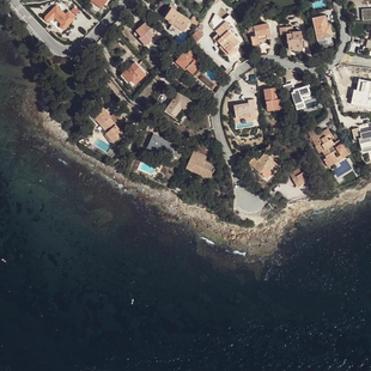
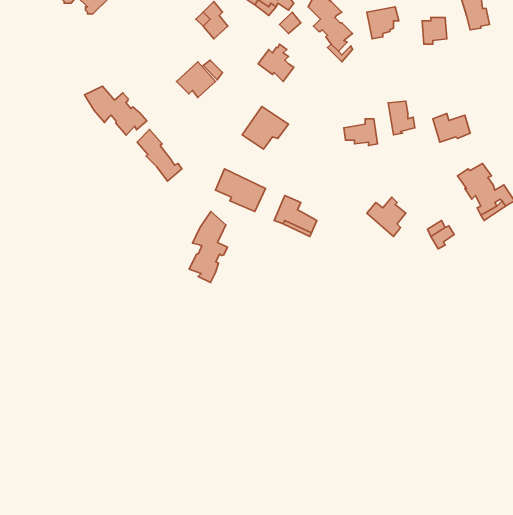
building: none -> [84,86,147,135]
building: none -> [189,211,227,283]

